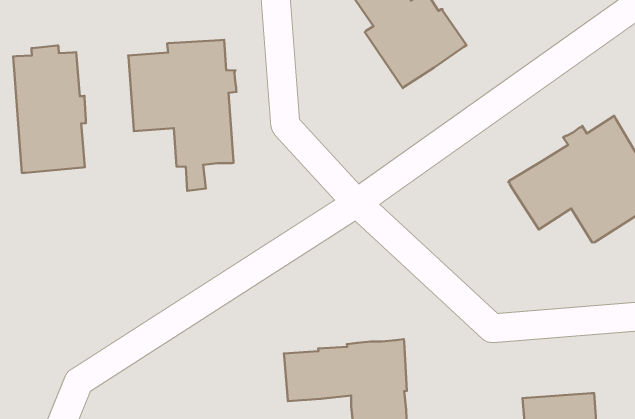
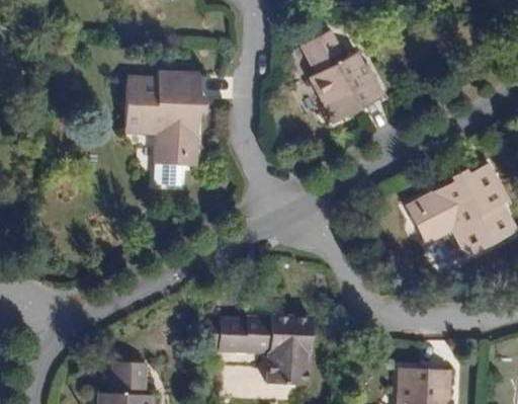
building: [13,45,86,173] -> none

